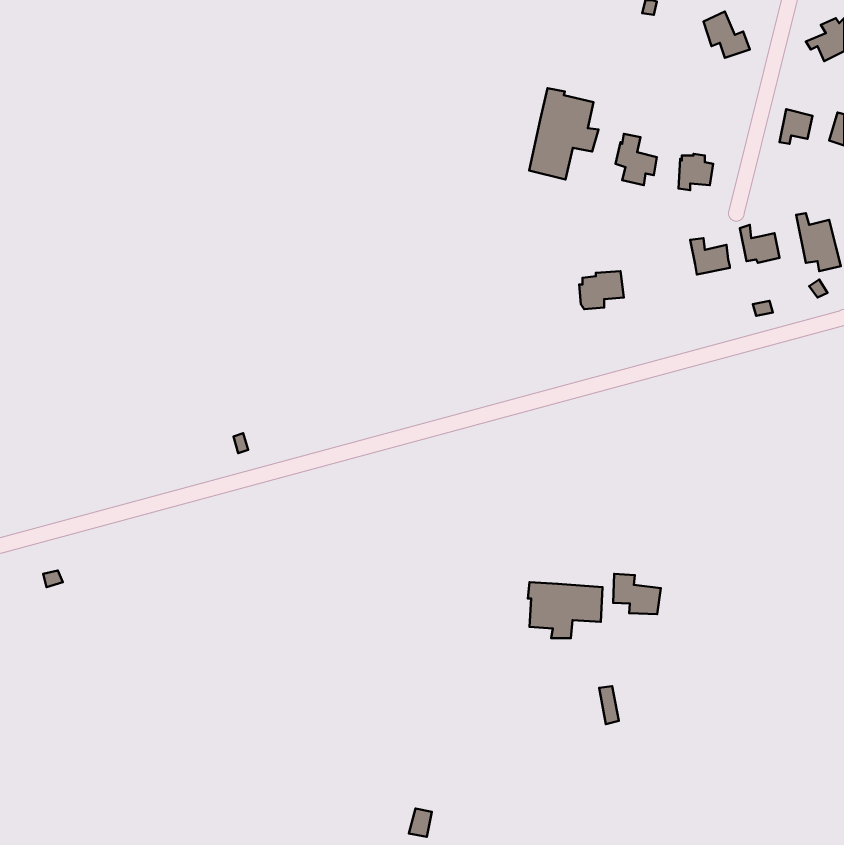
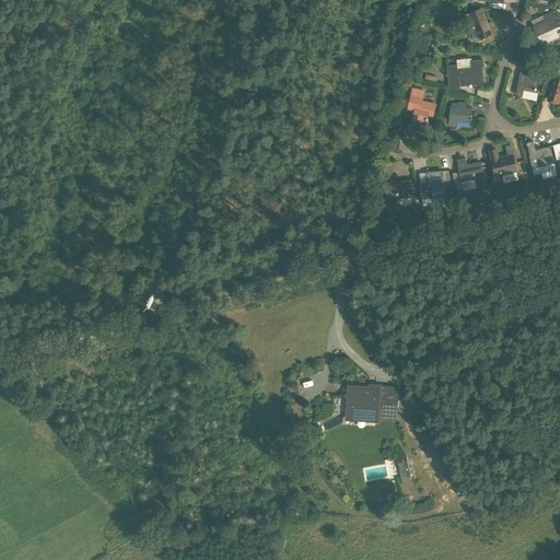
building: [529,88,599,179] -> none
building: none -> [446,59,483,94]
building: none -> [419,171,443,198]
building: [613,574,661,614] -> none

